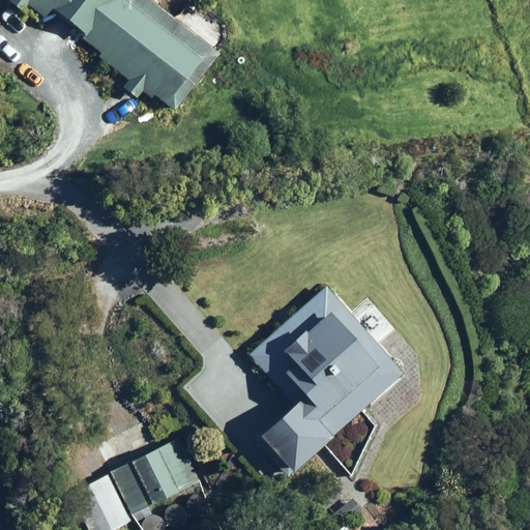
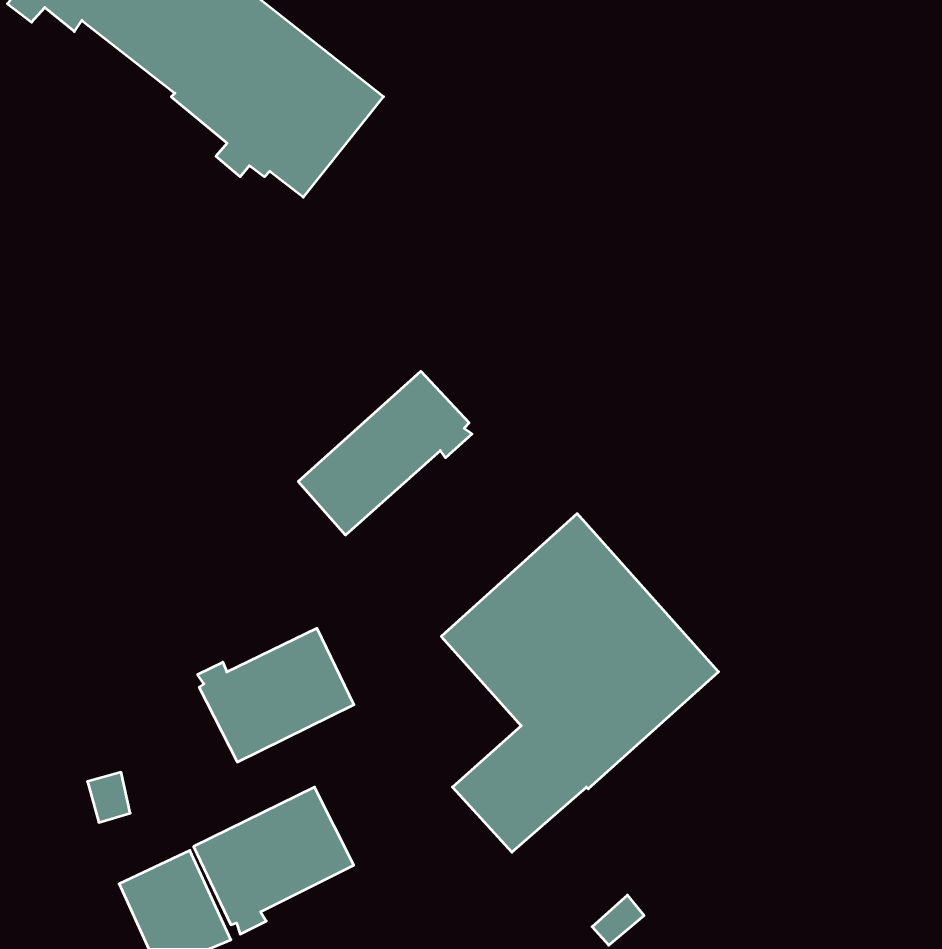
building: none -> [298,371,472,535]
building: none -> [198,628,354,762]

